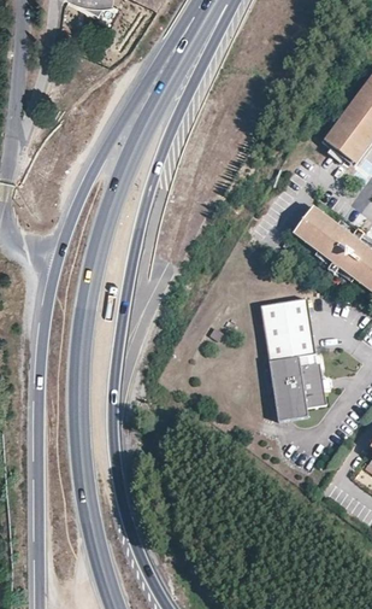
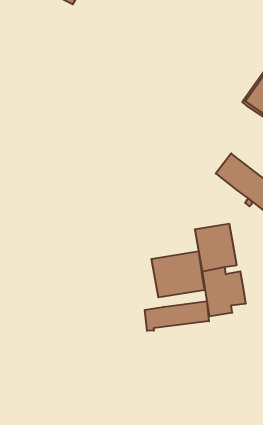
building: none -> [151,251,204,297]
building: none -> [145,301,209,331]

